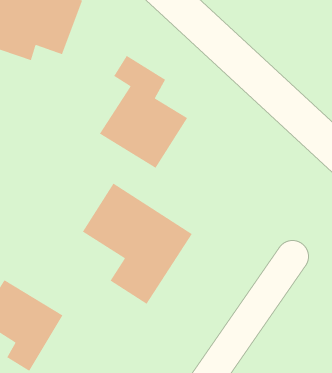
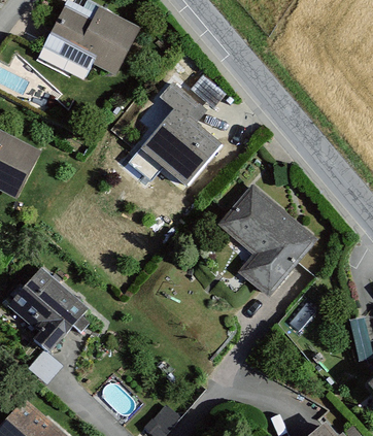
building: [82,182,193,305] -> [216,182,316,297]

